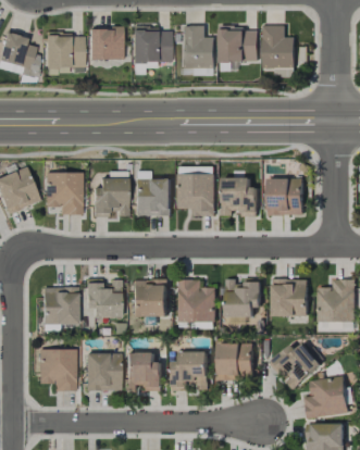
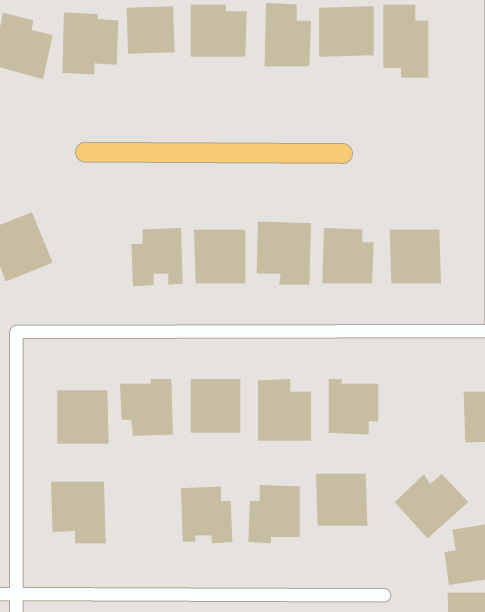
building: [44,172,82,214] -> none
building: [272,279,307,316] -> none
building: [84,352,120,390] -> none

